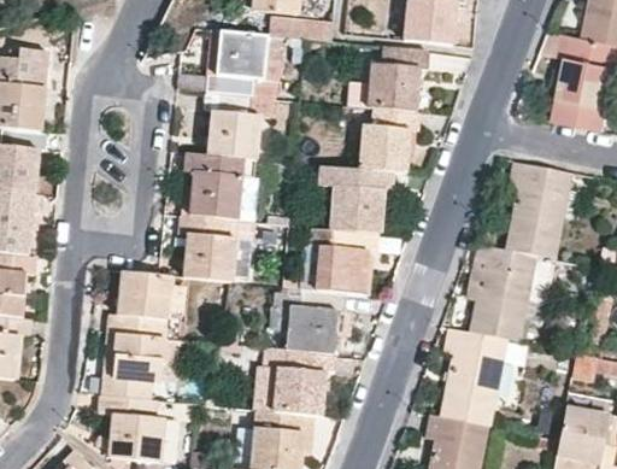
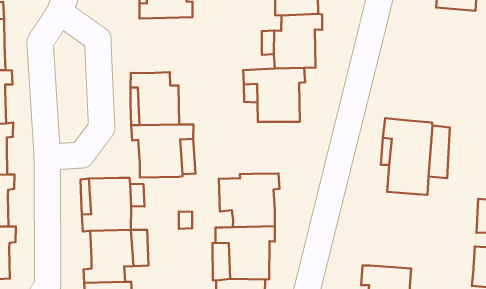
building: [204,92,274,160] -> none
building: [506,162,570,260] -> none
building: [311,229,377,297] -> none
building: [440,327,506,426] -> none

